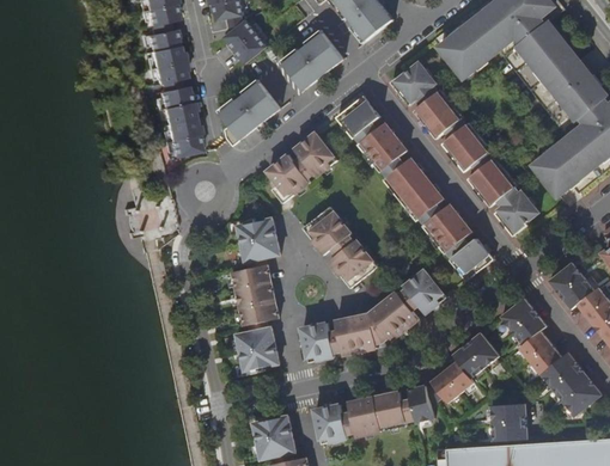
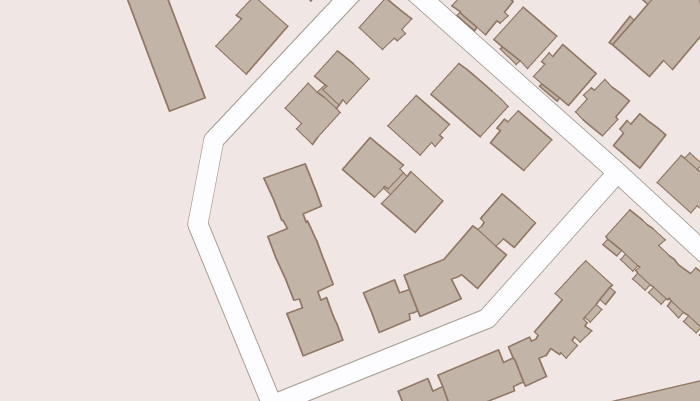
building: [356,124,405,172] -> [388,95,450,155]
building: [452,238,495,281] -> [613,114,666,168]
building: [493,404,529,442] -> none

